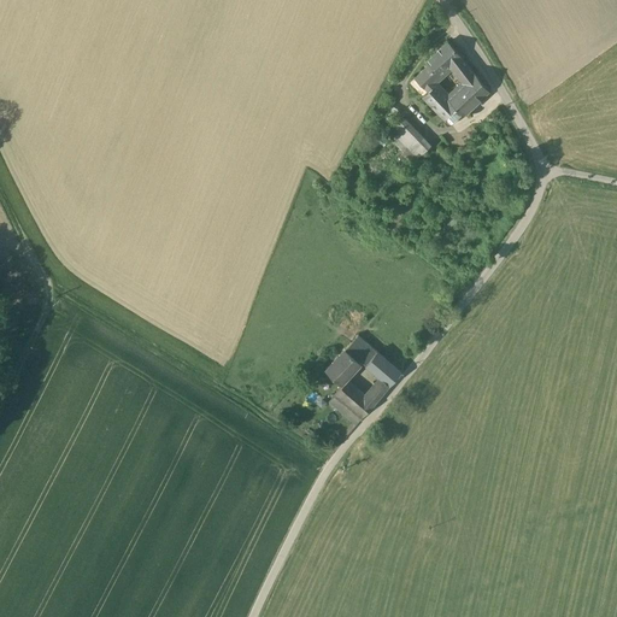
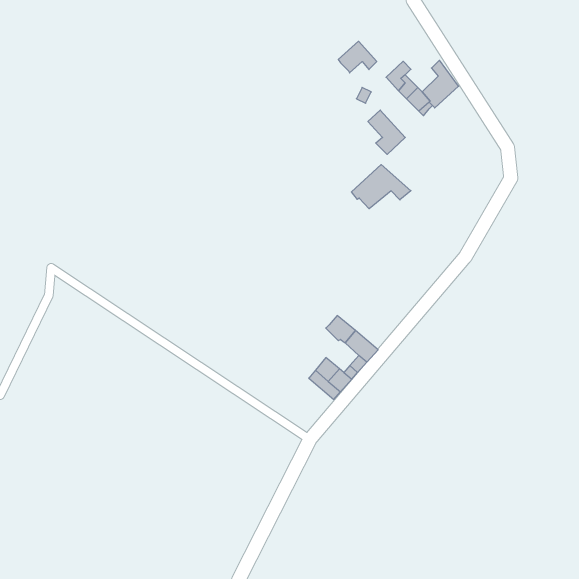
building: [427,43,468,77] -> [338,41,377,73]
building: none -> [351,165,411,209]
building: [327,349,360,384] -> none

